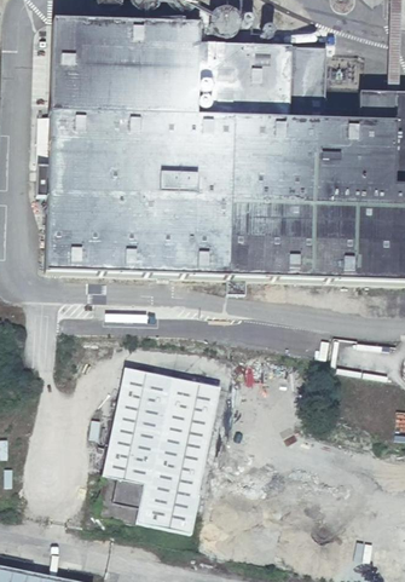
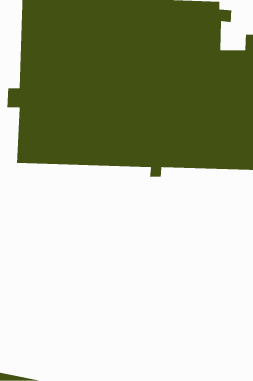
building: [100,362,225,528] -> none

